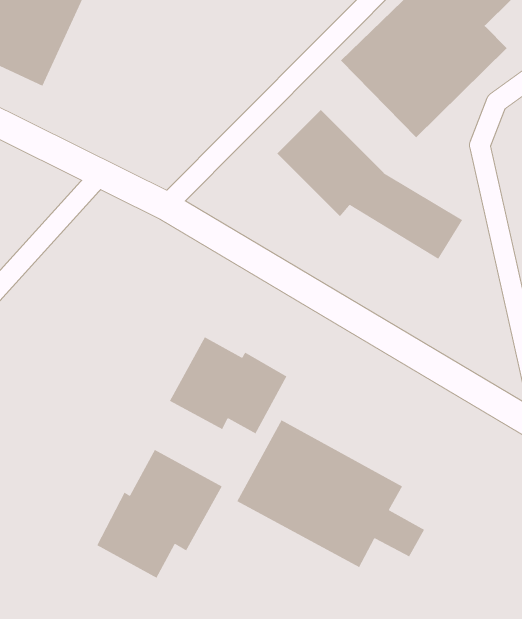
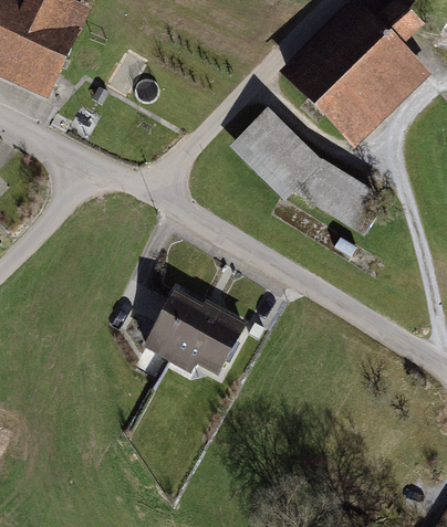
building: [236,419,425,568] -> none
building: [96,449,223,579] -> none

